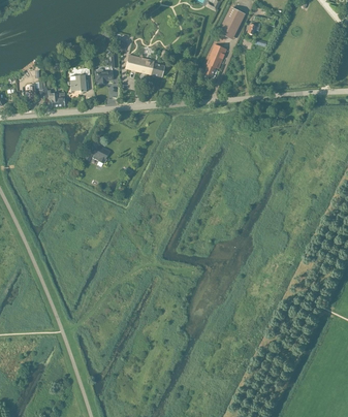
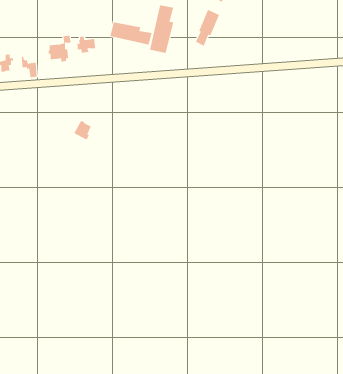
building: none -> [149,5,174,54]

